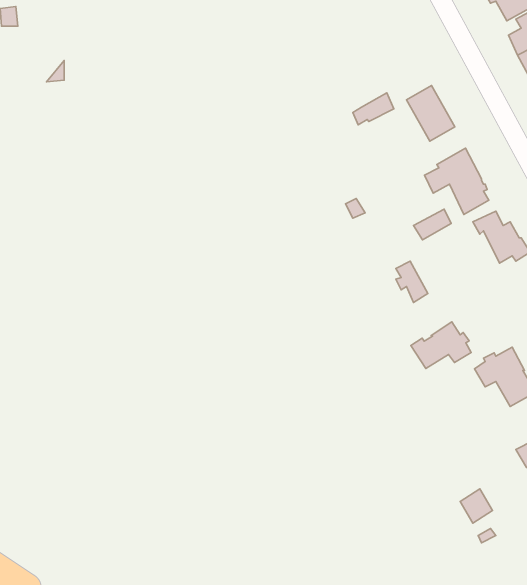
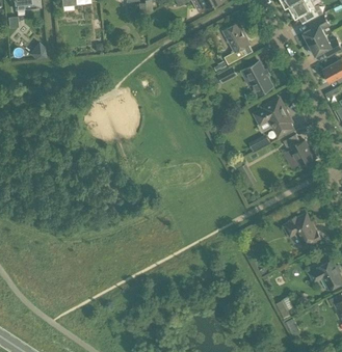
building: none -> [221,22,248,64]
building: [411,322,471,369] -> none

